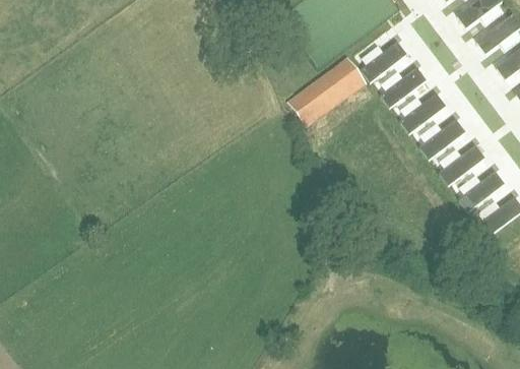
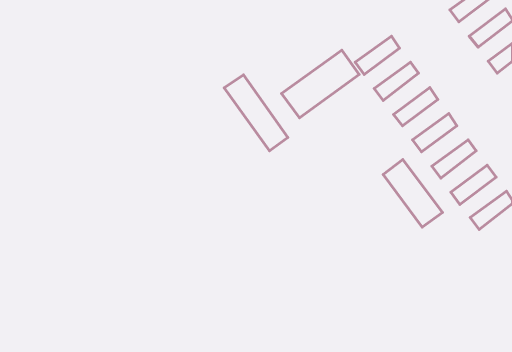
building: none -> [224,75,288,151]
building: none -> [383,159,443,227]

